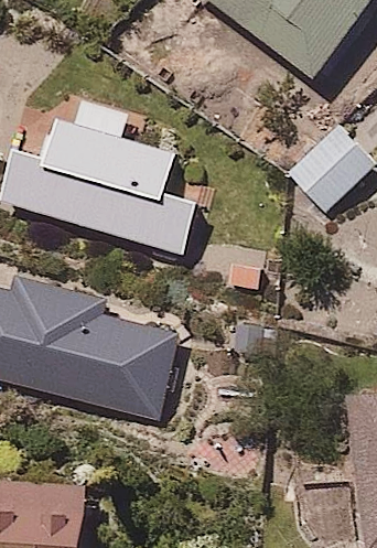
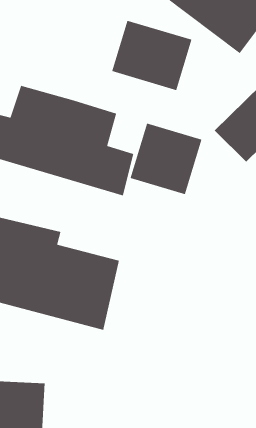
building: none -> [111,20,193,91]
building: none -> [130,123,202,195]

